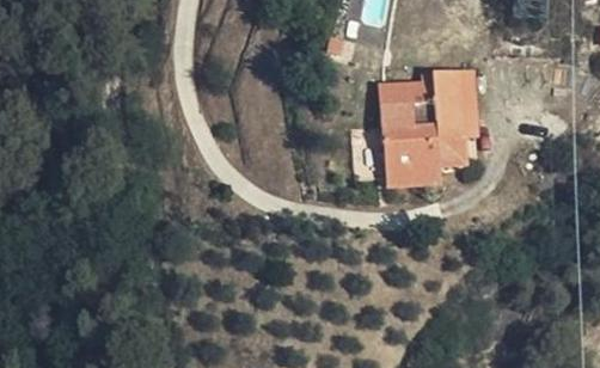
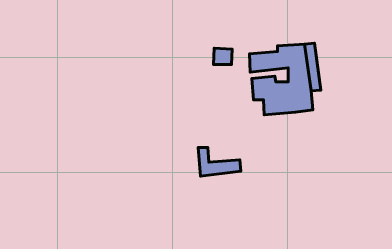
building: [384,149,446,191] -> [198,147,241,176]

